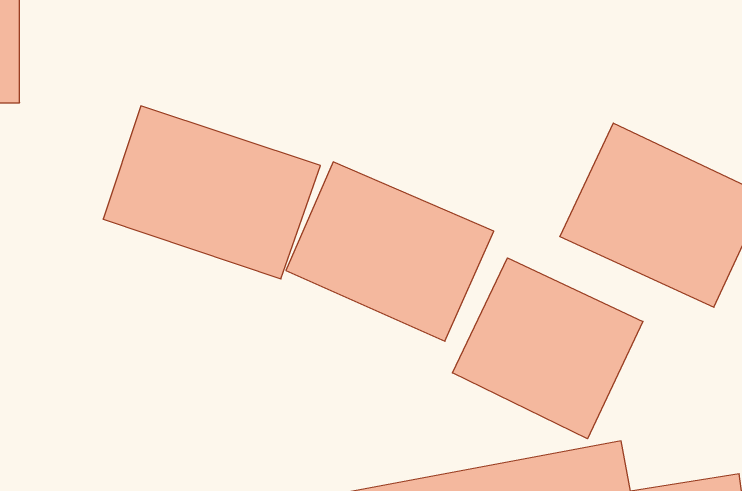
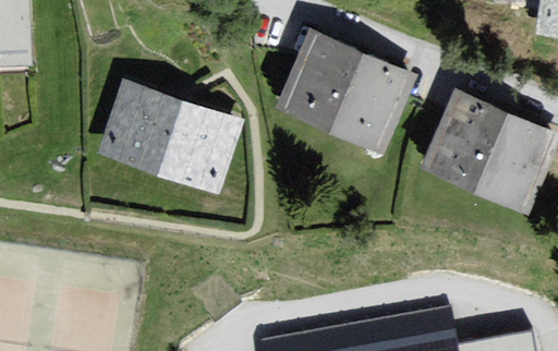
building: [286,162,494,341] -> [270,32,414,156]
building: [452,258,643,439] -> none

